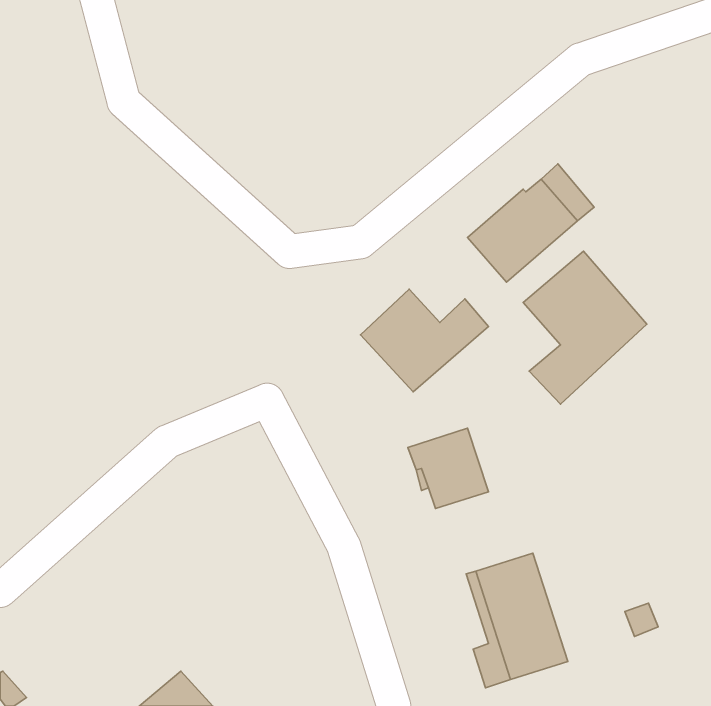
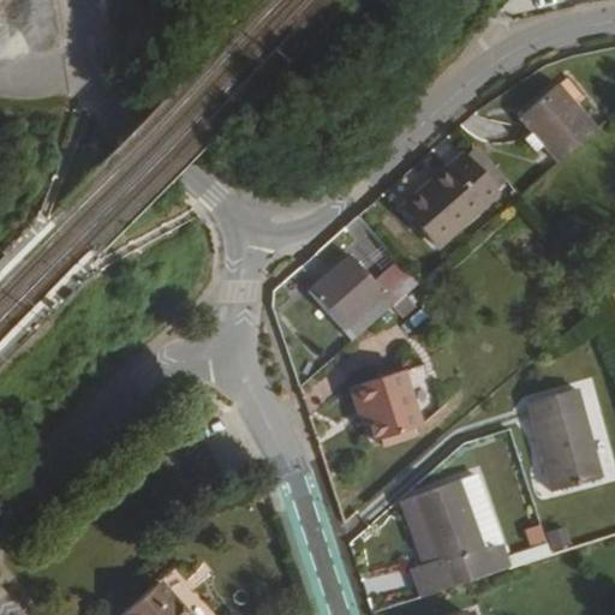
building: none -> [517,85,592,162]
building: [523,251,647,404] -> none
building: none -> [527,393,602,497]

